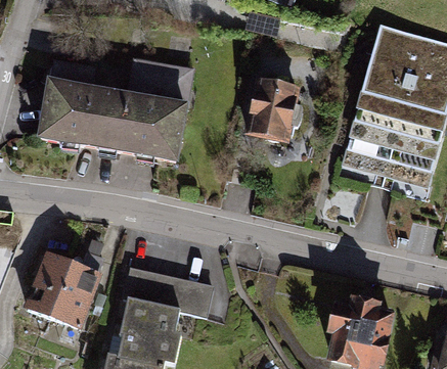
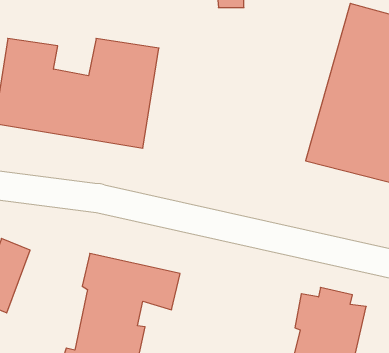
building: [243,78,303,144] -> none
building: [49,250,105,332] -> none

